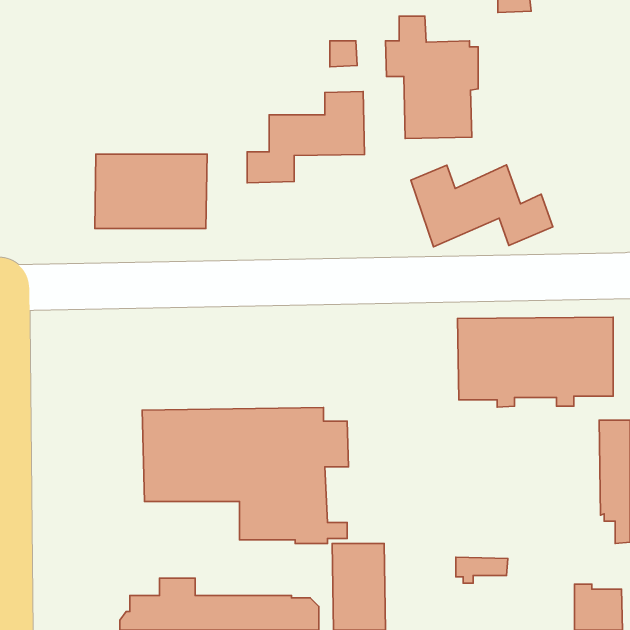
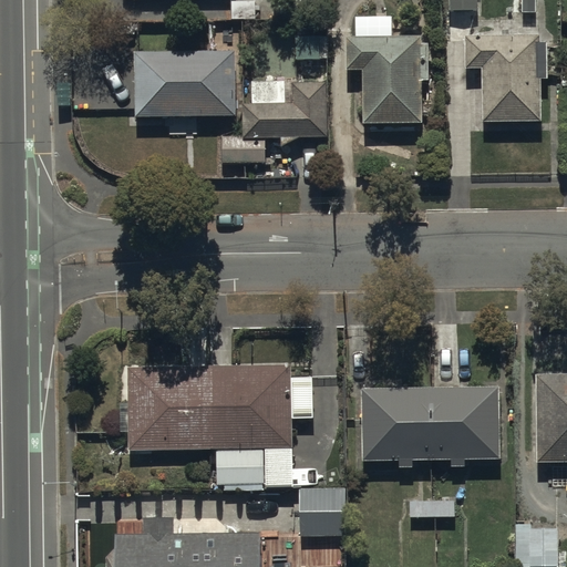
building: none -> [466,33,547,122]
building: [95,154,207,228] -> [134,51,235,117]
building: [411,165,553,247] -> none
building: [458,317,613,407] -> [361,386,501,467]

